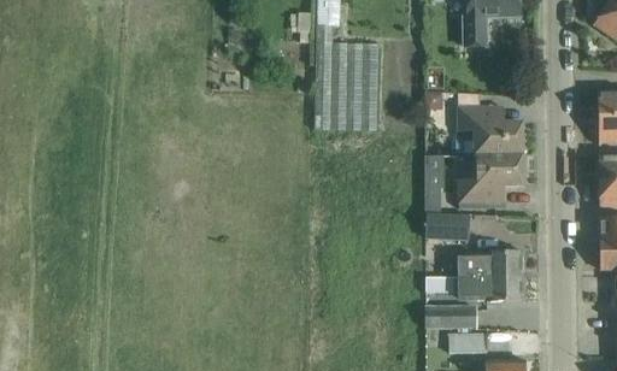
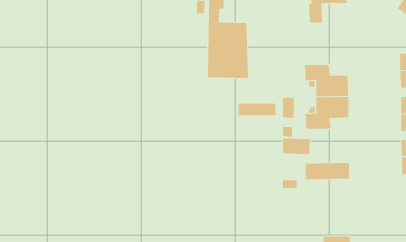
building: none -> [238,103,276,116]
building: [458,275,524,300] -> none
building: [425,305,476,326] -> none
building: [449,331,488,351] -> none

